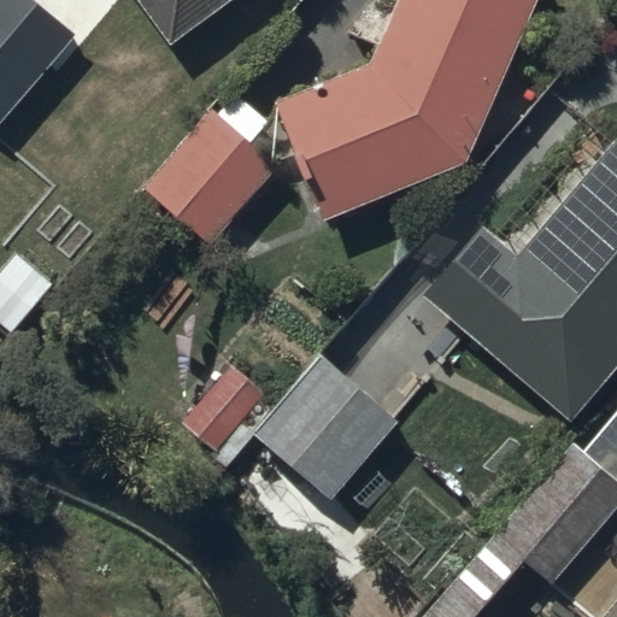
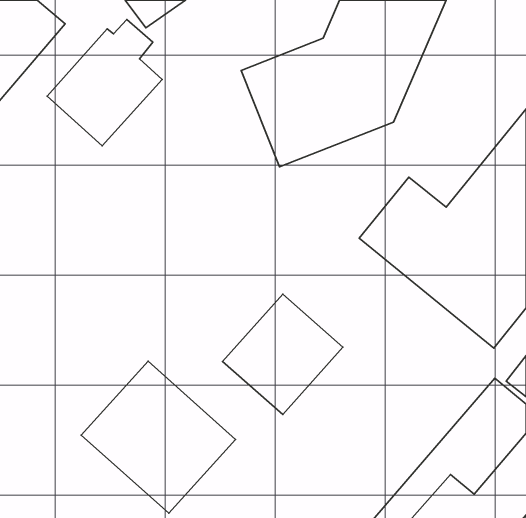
building: [147,100,281,247] -> [47,19,162,146]
building: none -> [81,361,236,513]

